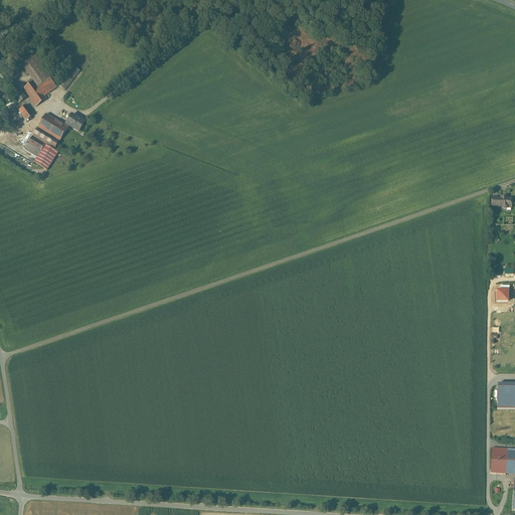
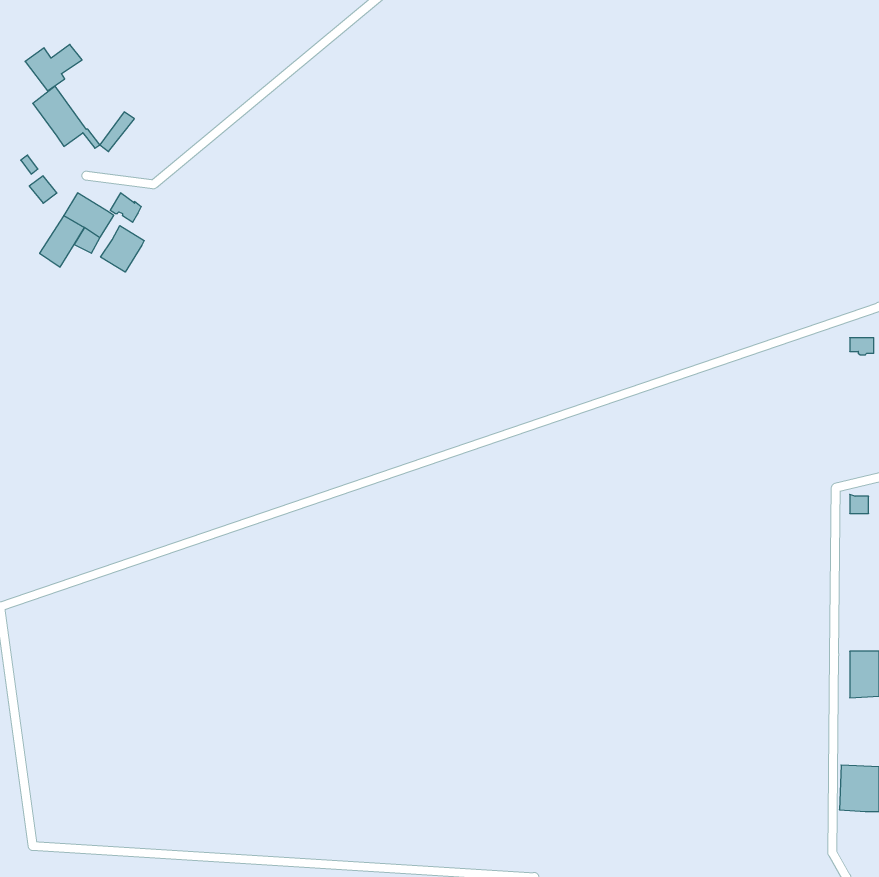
building: [22,77,55,105] -> [25,44,82,91]
building: none -> [101,226,144,272]

